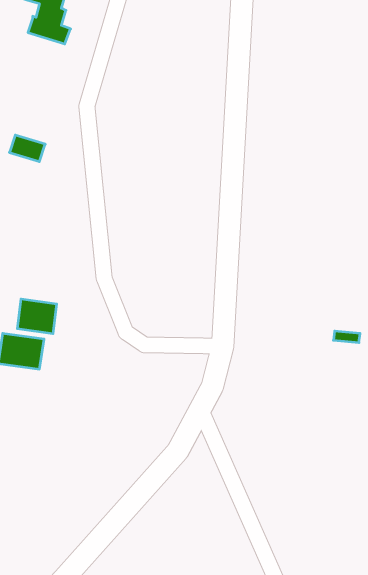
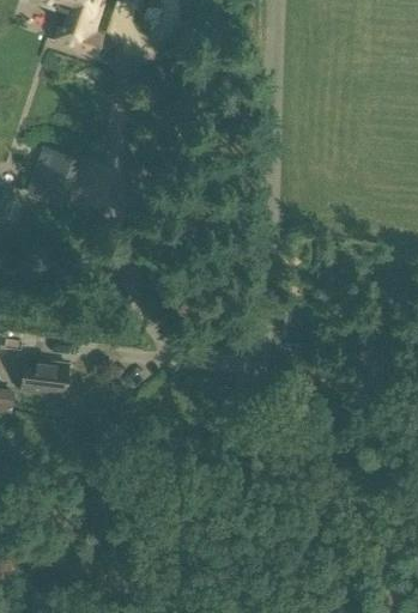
building: [17,299,57,334] -> none

